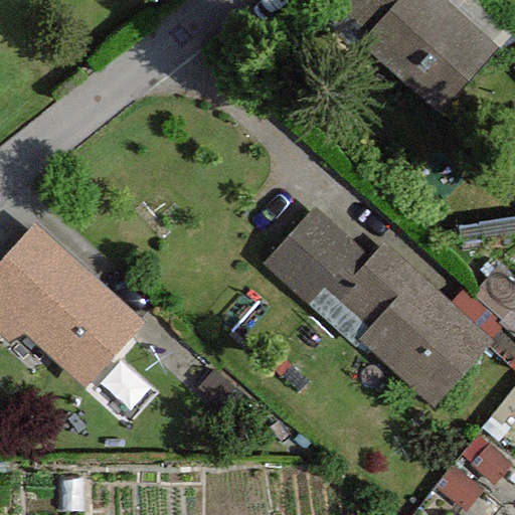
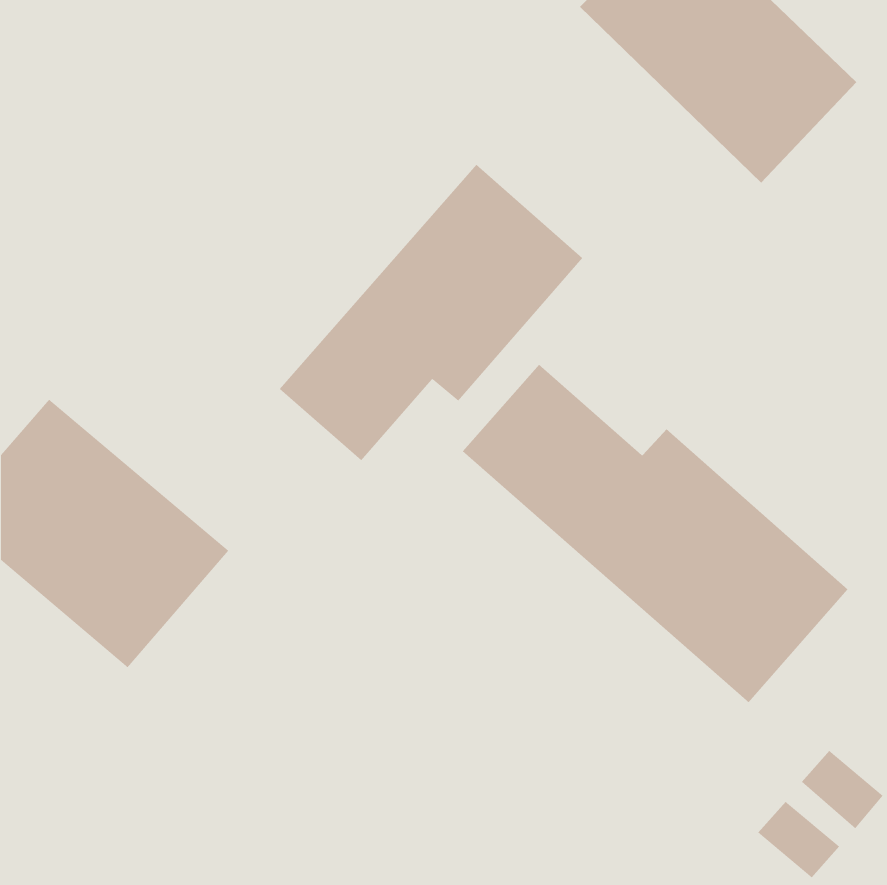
building: none -> [279,164,583,461]

